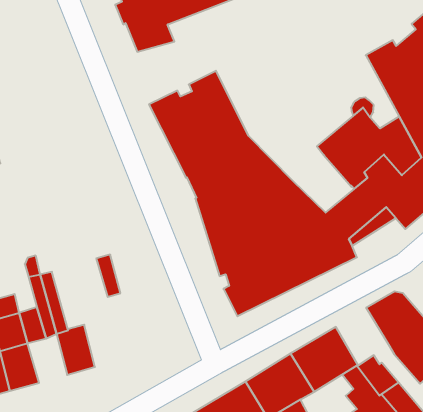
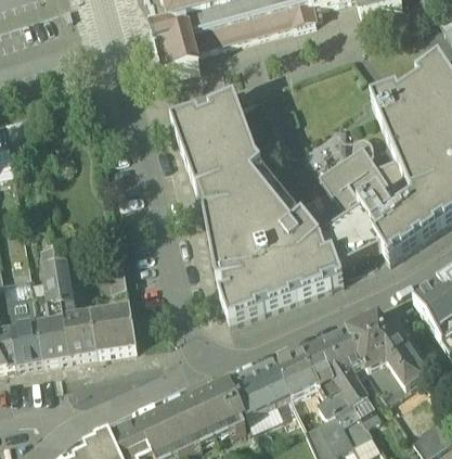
building: none -> [318,324,364,375]
building: none -> [91,305,137,350]
building: none -> [38,317,70,359]

